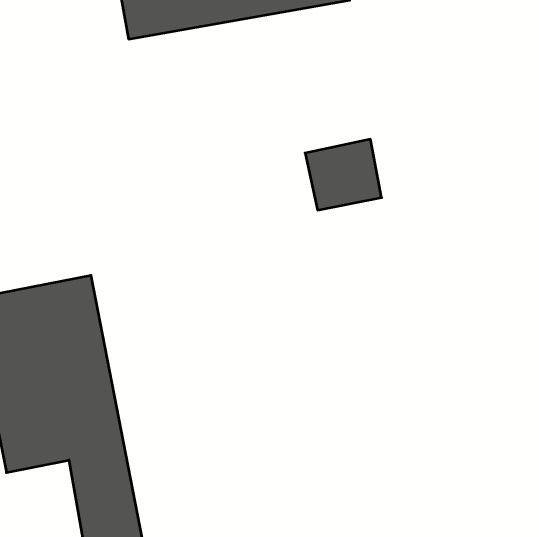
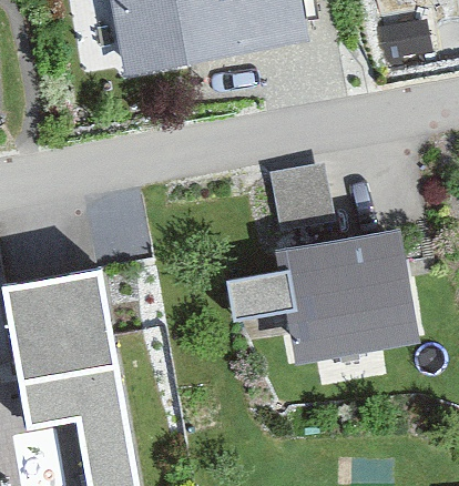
building: none -> [275,229,419,360]

